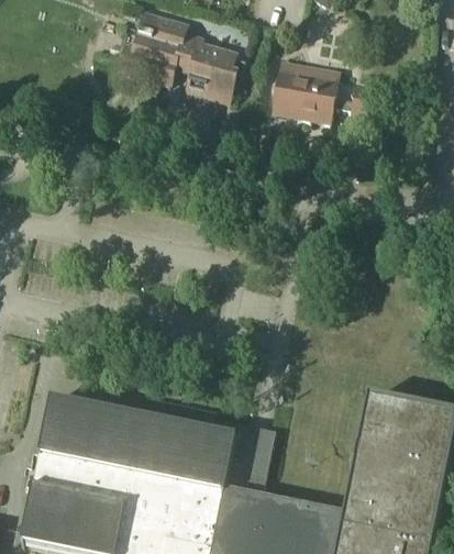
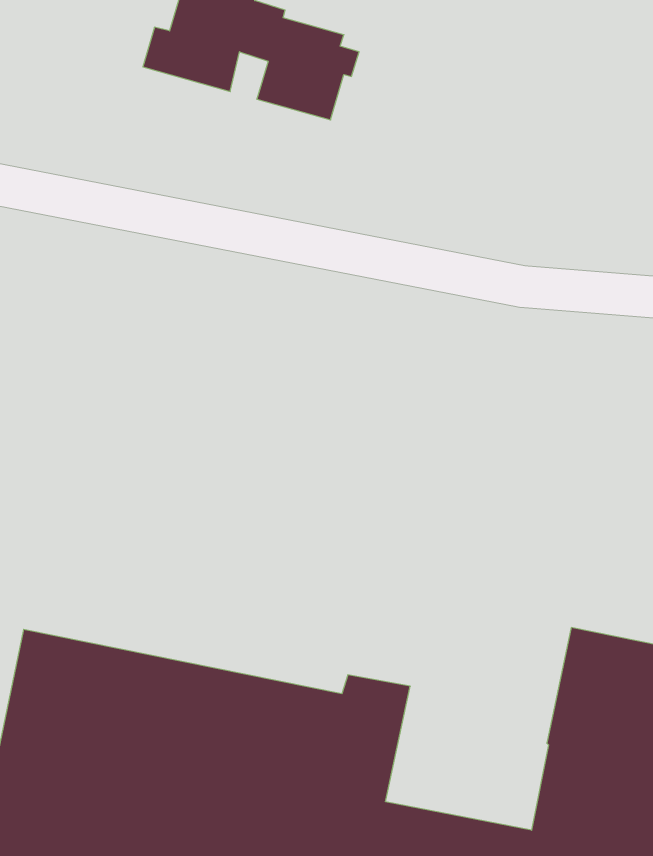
building: [273,69,377,120] -> none

